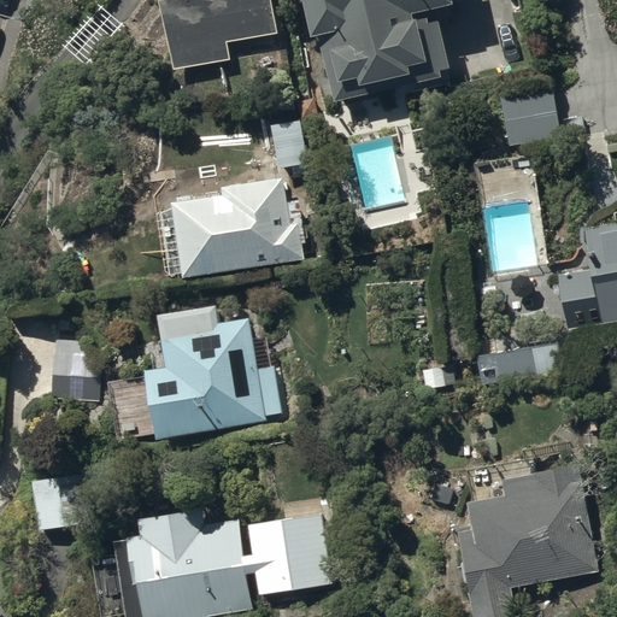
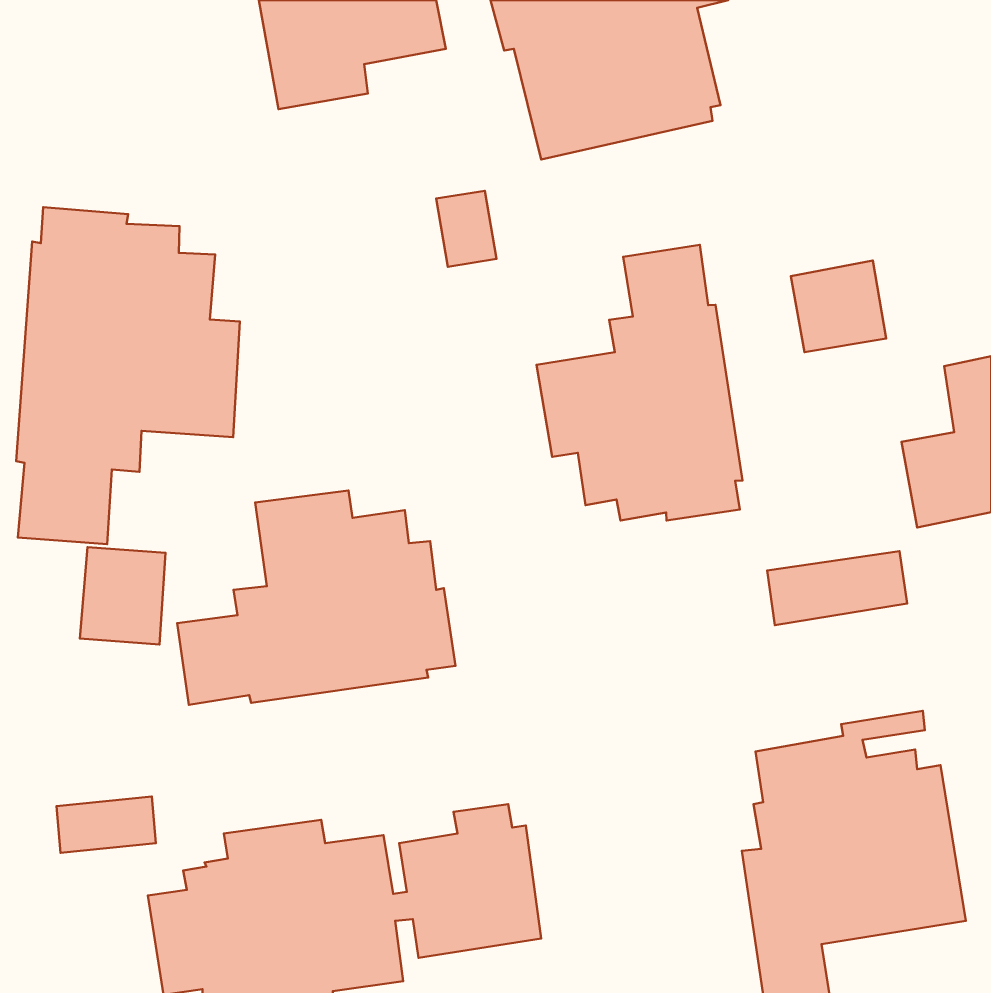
building: [500,87,559,143] -> [791,261,886,352]
building: none -> [16,207,240,544]
building: none -> [536,245,743,521]
building: [170,176,306,276] -> none

